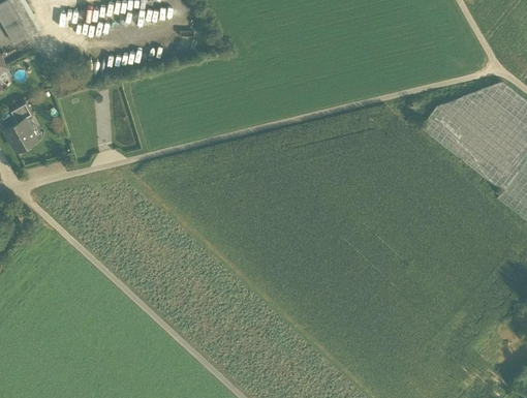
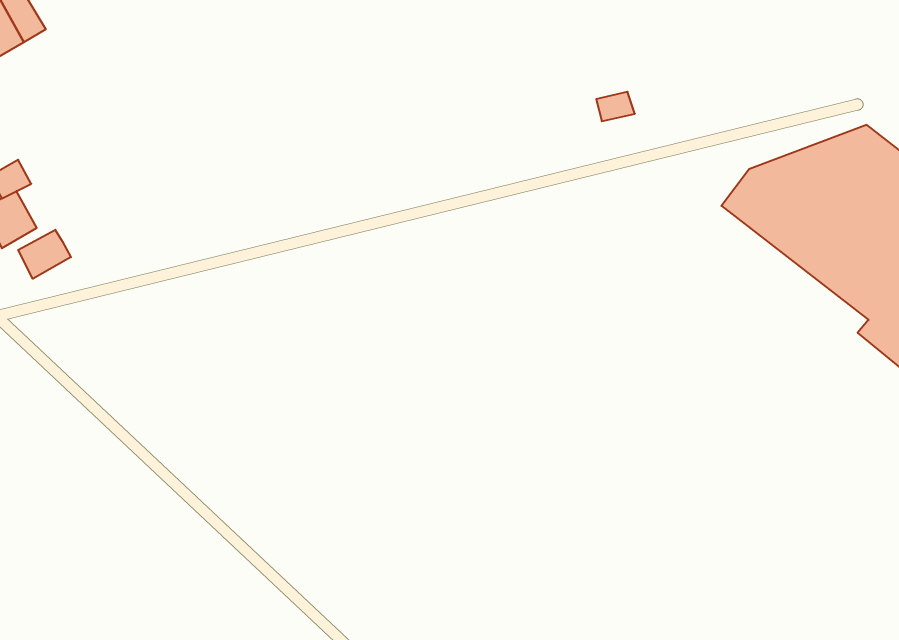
building: none -> [18,230,71,279]

